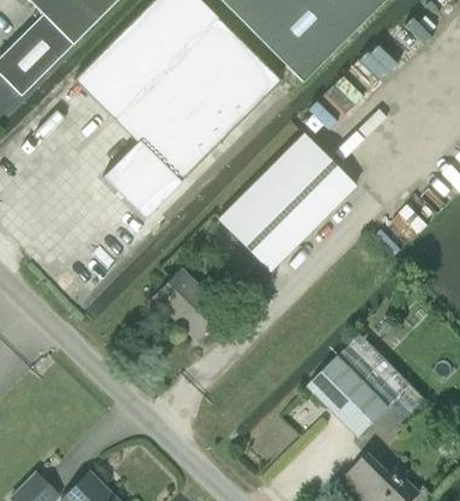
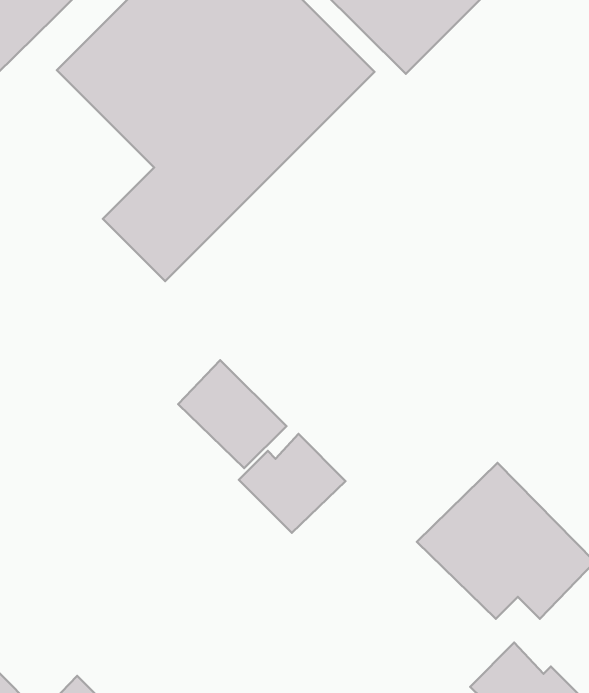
building: [218,133,356,271] -> none
building: none -> [239,434,346,533]

